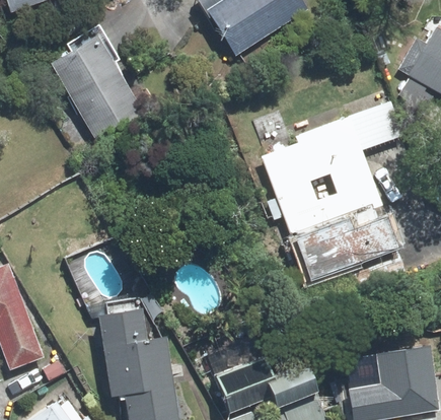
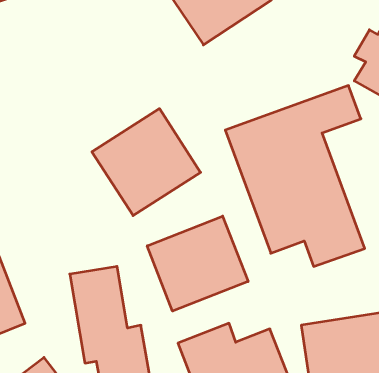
building: [43,24,148,141] -> none
building: none -> [92,109,201,216]
building: none -> [147,216,248,311]

